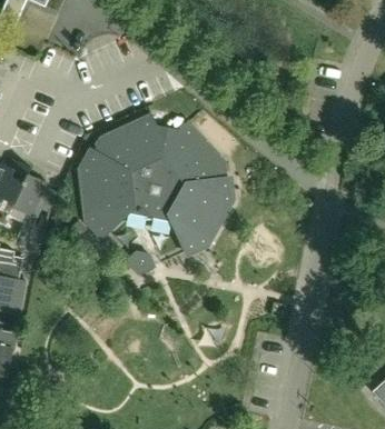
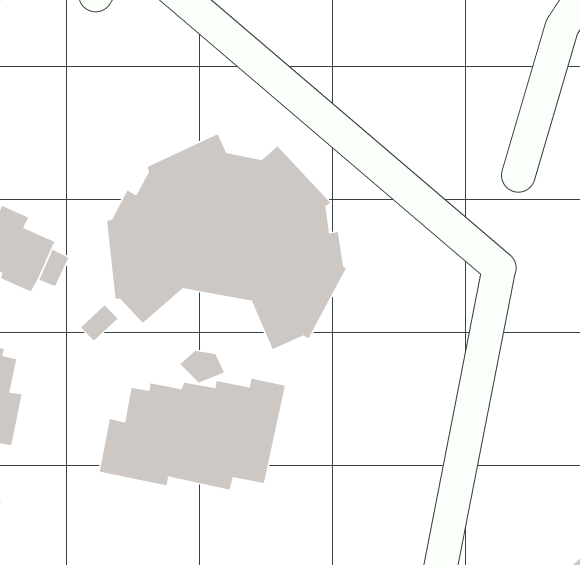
building: none -> [99,378,286,490]

